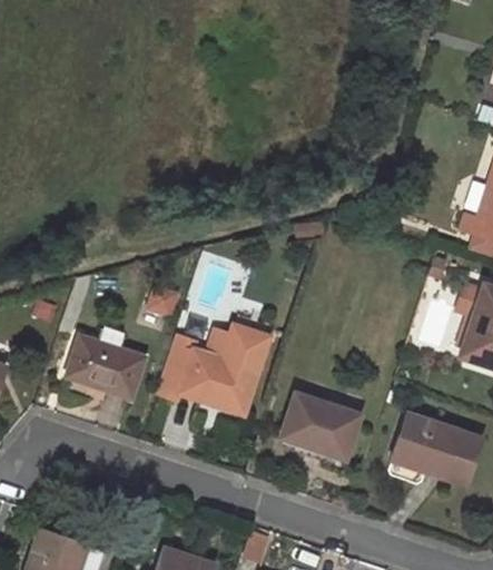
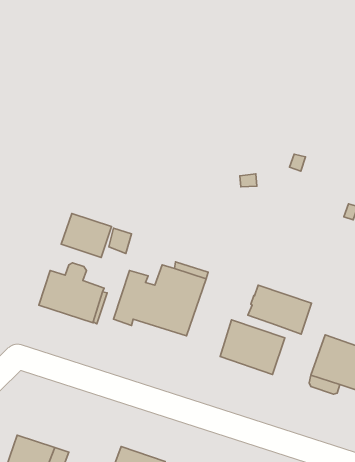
building: none -> [61,214,111,257]
building: none -> [248,285,312,334]

